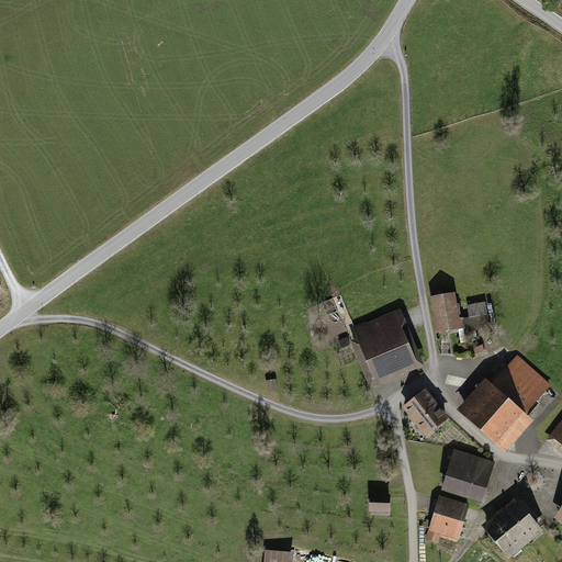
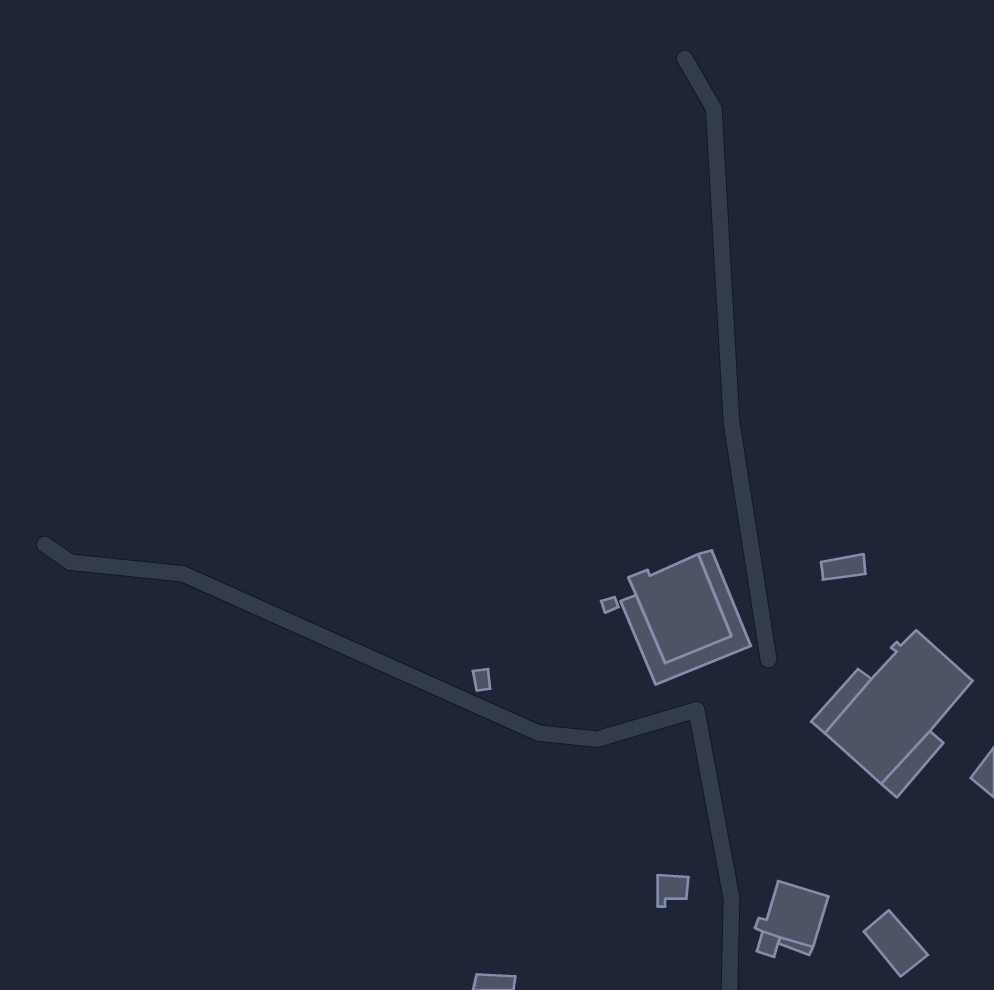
building: [435,293,457,329] -> none
building: [406,390,446,431] -> none
building: [443,449,494,496] -> none
building: [502,501,538,539] -> none

